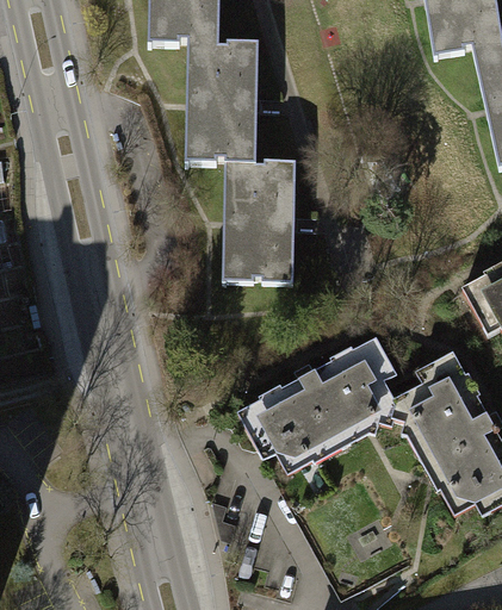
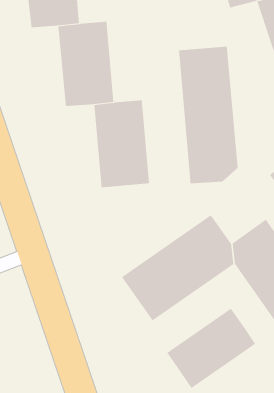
building: none -> [179,46,238,184]
building: none -> [166,308,256,389]

